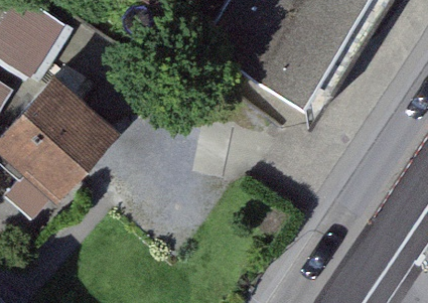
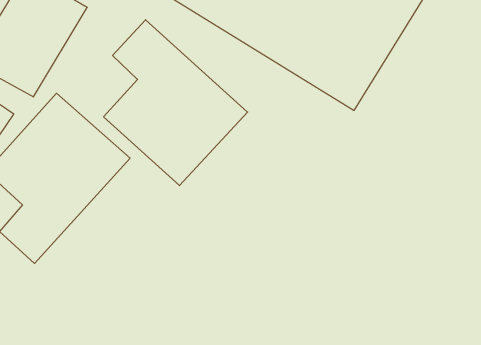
building: none -> [104,20,248,186]

